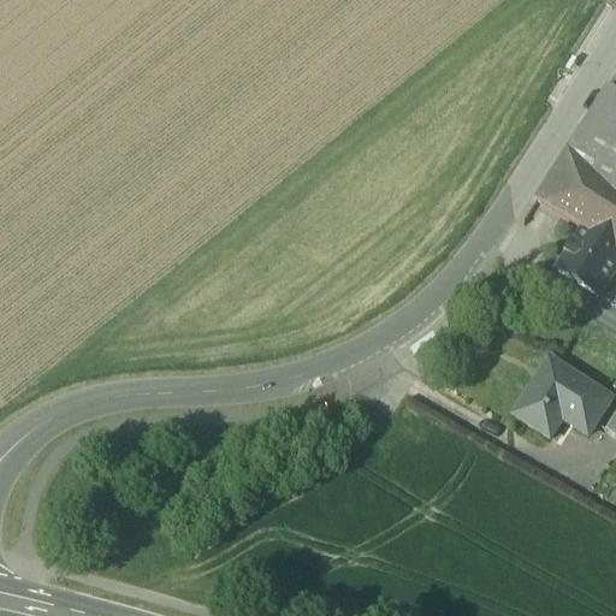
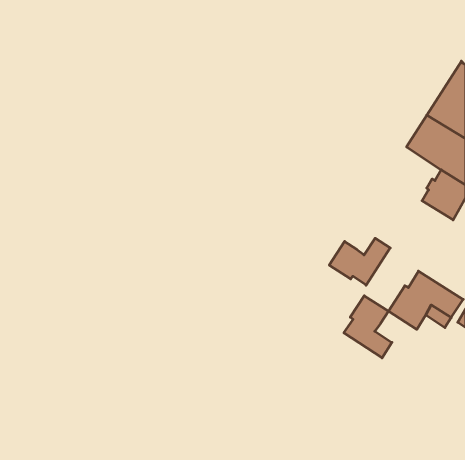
building: none -> [329,238,390,285]
building: none -> [344,296,392,358]

